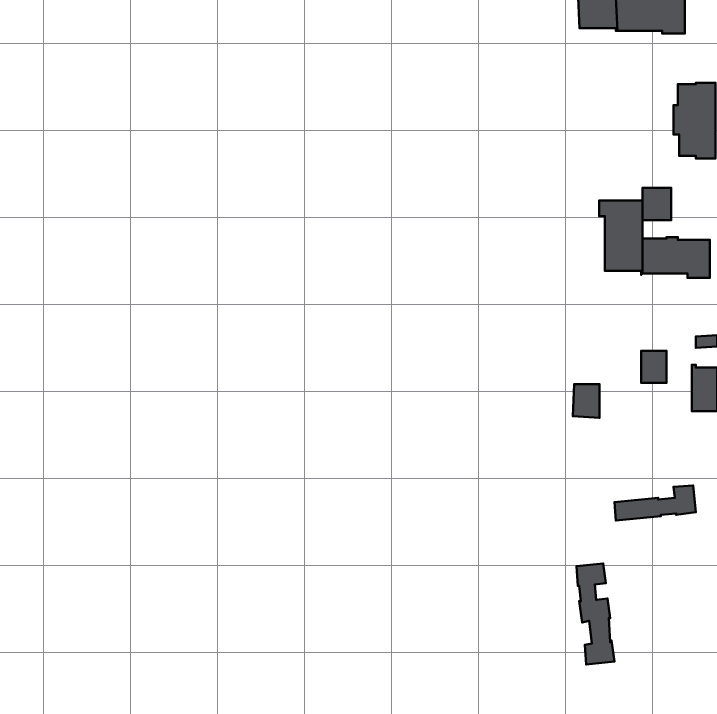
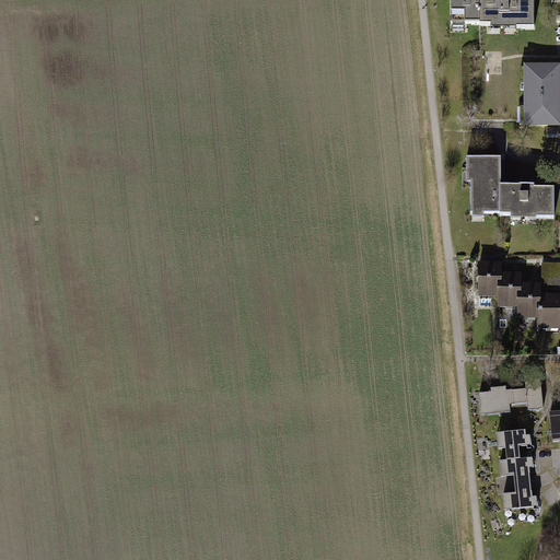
building: [643,188,671,220] -> none
building: none -> [520,279,539,310]
building: [573,384,600,418] -> [479,262,500,289]
building: [577,563,614,664] -> [504,429,534,508]

